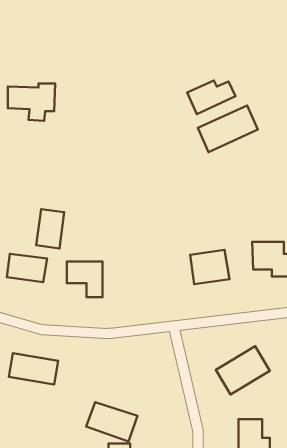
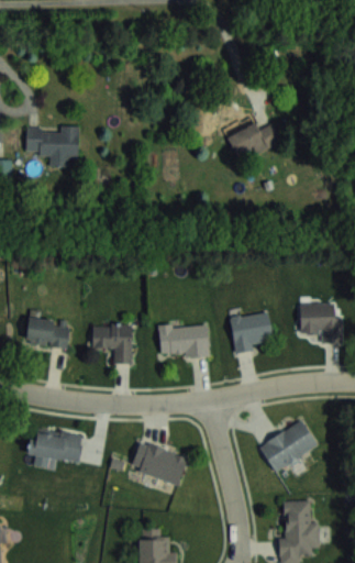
building: [198,106,258,152] -> none
building: [36,209,64,248] -> none
building: none -> [158,325,209,357]
building: [86,402,137,441] -> [130,442,187,486]

